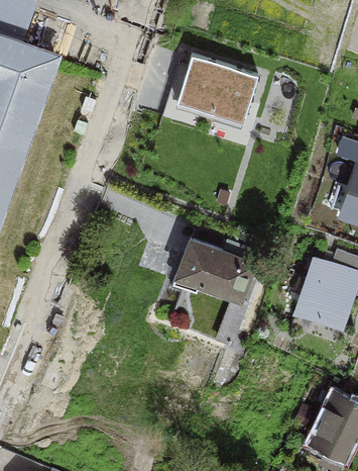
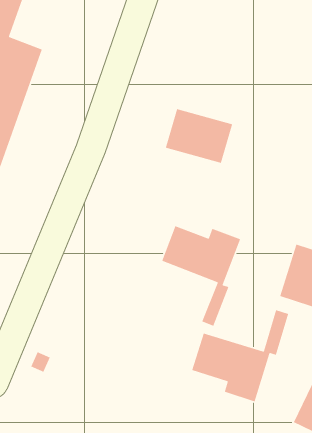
building: [185,63,255,120] -> [165,108,233,164]
building: none -> [191,309,289,402]

